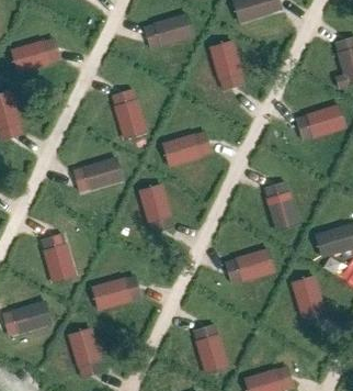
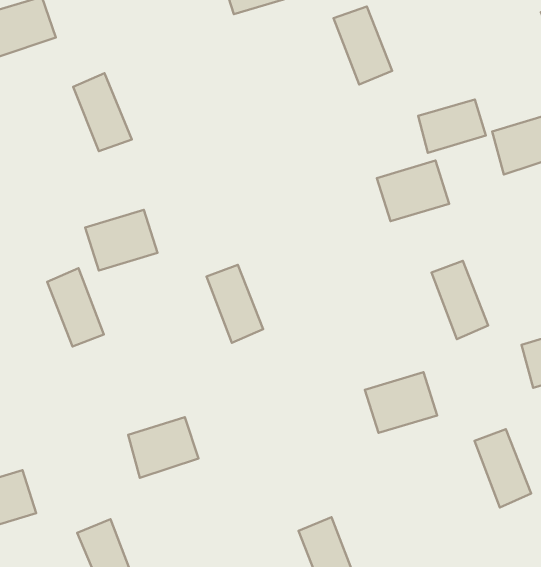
building: [111,91,144,135] -> [73,73,132,151]
building: none -> [418,100,486,153]
building: [168,131,208,165] -> [377,161,449,221]
building: [39,235,71,279] -> [47,268,104,346]

